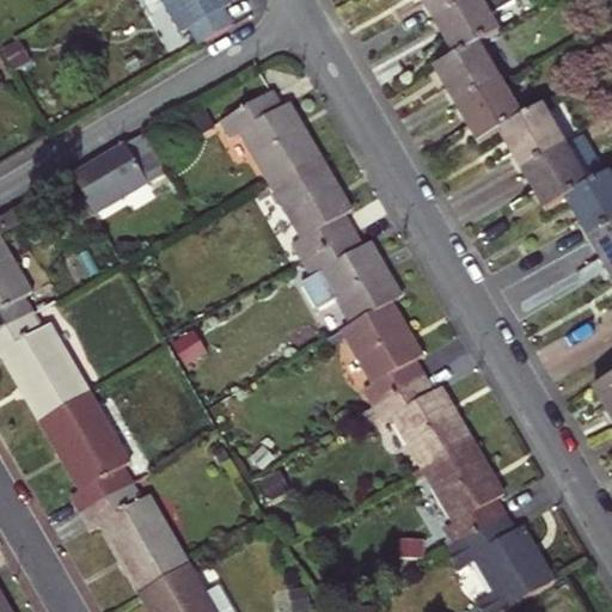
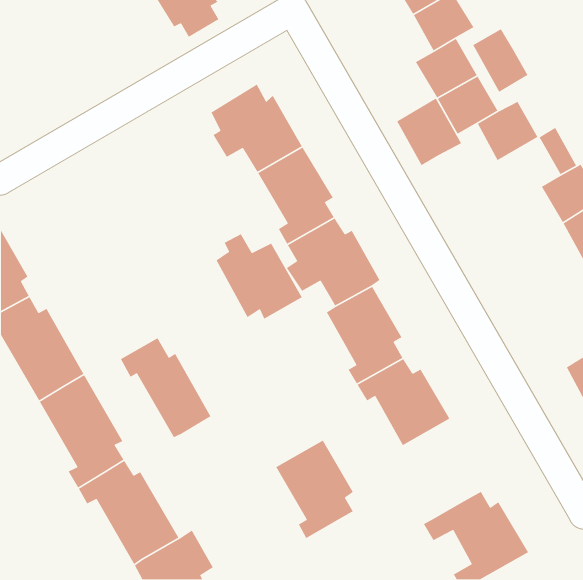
building: none -> [472,28,528,93]
building: none -> [396,98,462,166]
building: [73,130,172,212] -> none
building: [521,143,587,207] -> none
building: none -> [215,233,303,320]
building: none -> [120,337,211,438]
building: [422,437,504,541] -> [275,440,354,539]

